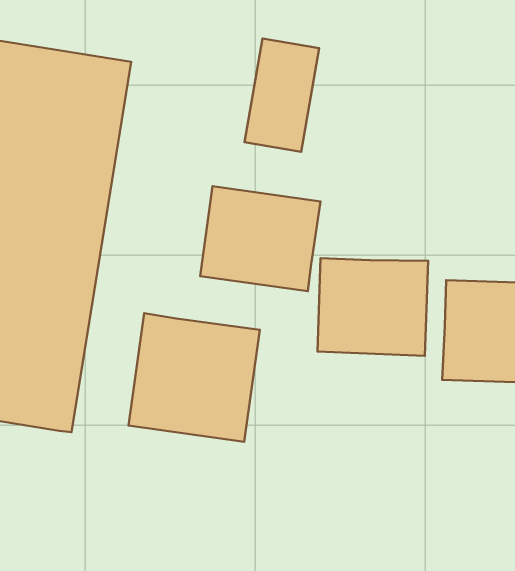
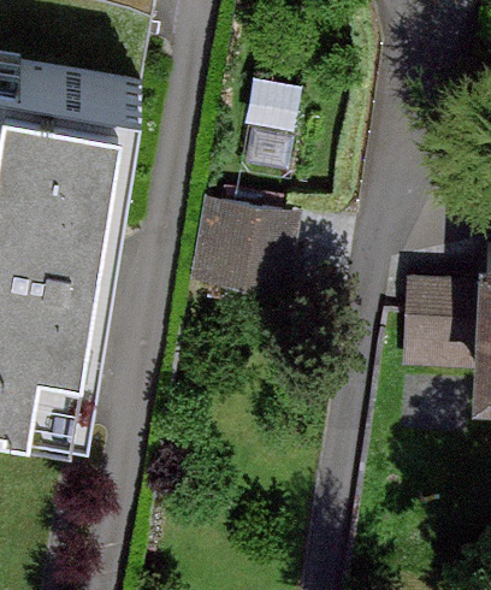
building: [318,258,428,356] -> none
building: [128,313,260,442] -> none

